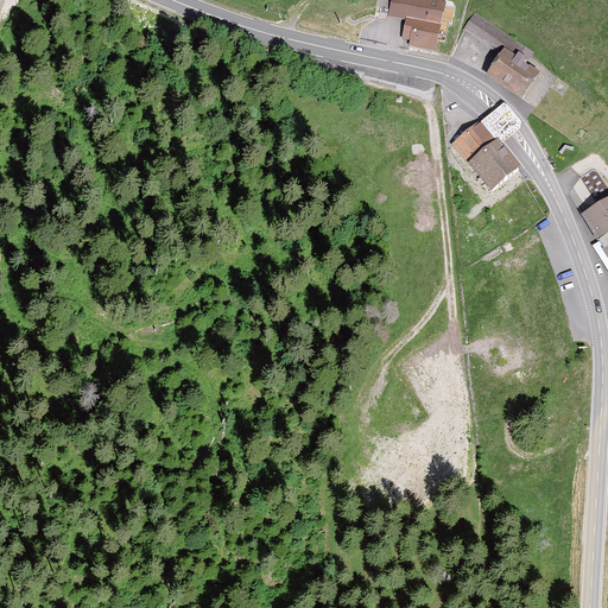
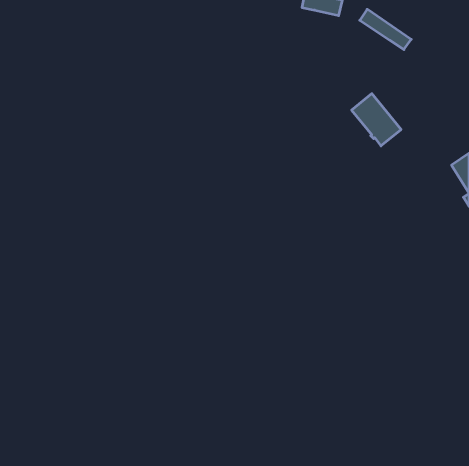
building: [403,13,438,46] -> none
building: [490,52,536,95] -> none

